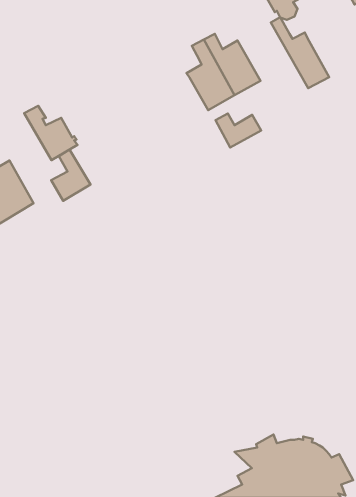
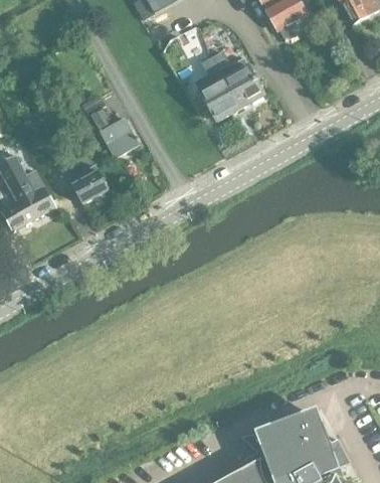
building: [271,17,329,88] -> none
building: [24,106,78,160] -> [89,107,139,157]
building: [215,113,261,147] -> none

